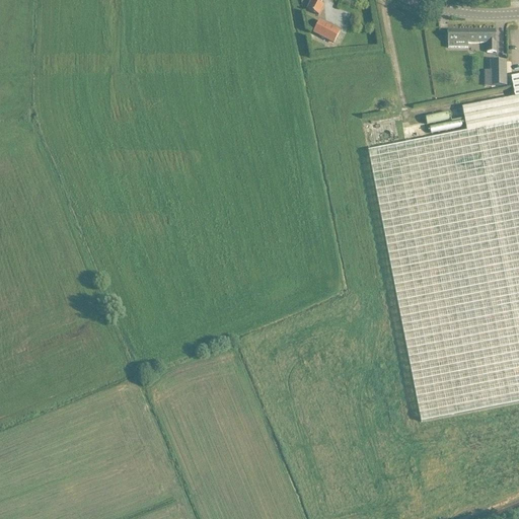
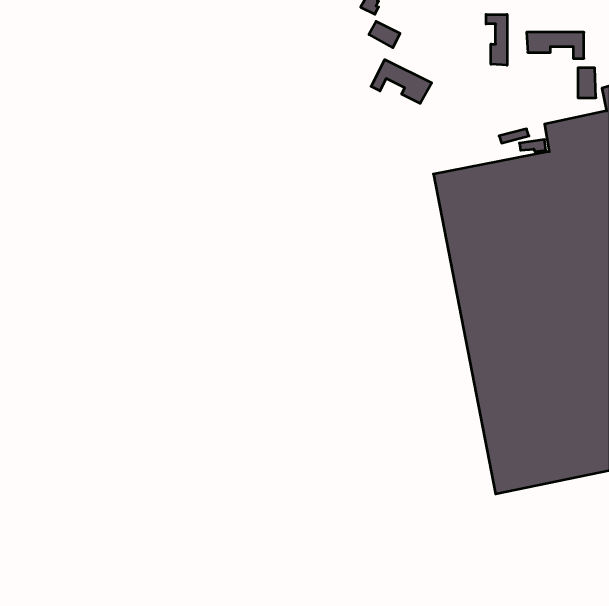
building: none -> [486,14,507,65]
building: none -> [371,60,432,103]

